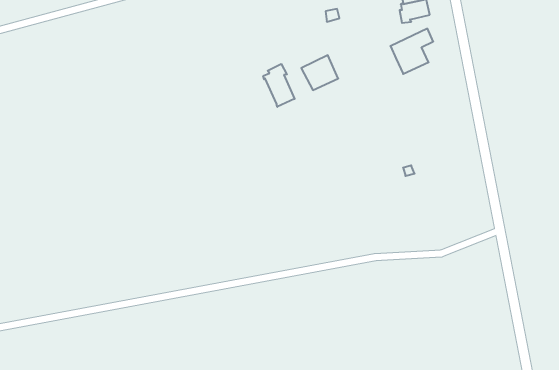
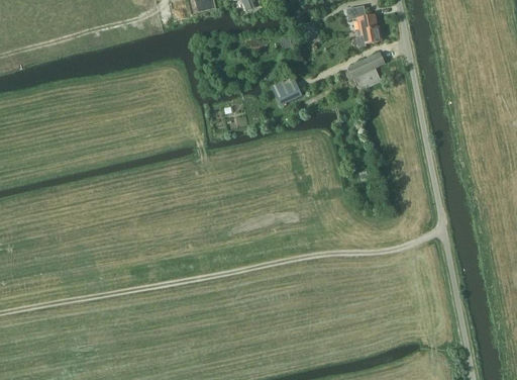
building: [263,64,295,107] -> none

